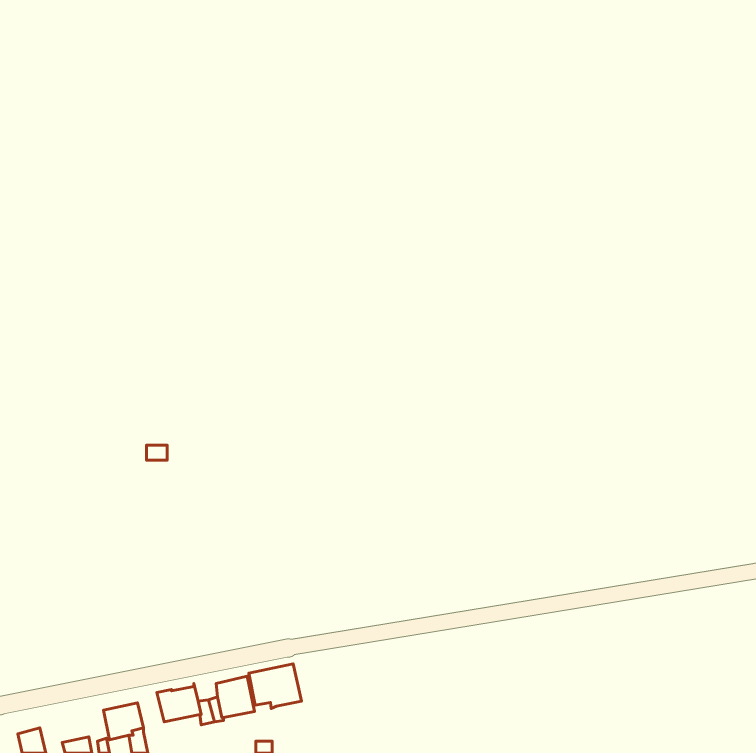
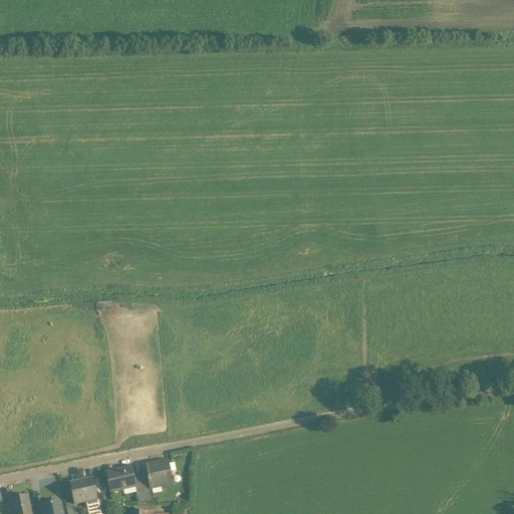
building: [249,664,302,708] -> none

